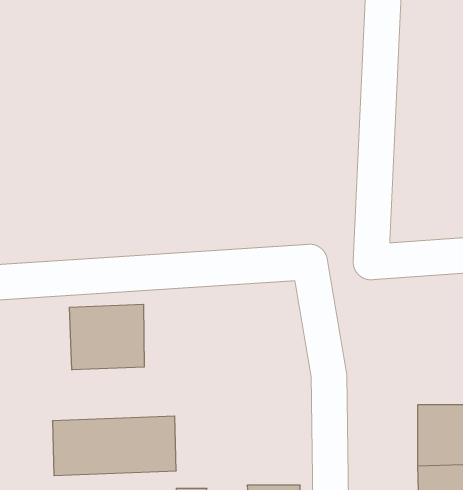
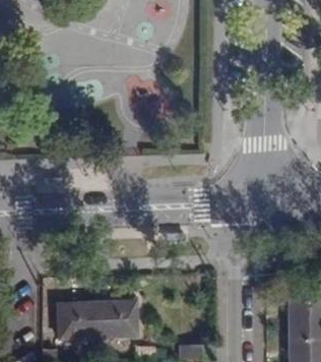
building: [69,304,144,370] -> none

